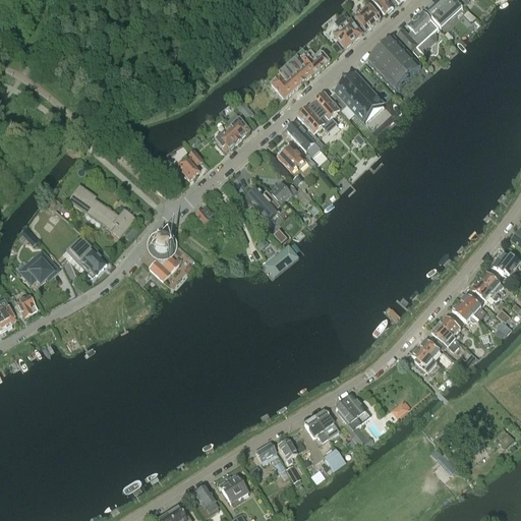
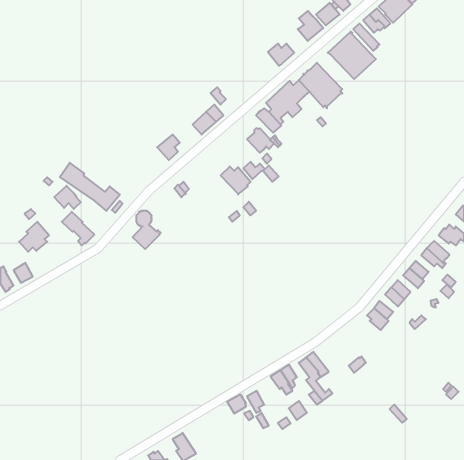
building: [271,56,312,98] -> none
building: none -> [54,186,81,209]
building: [219,473,247,502] -> none

